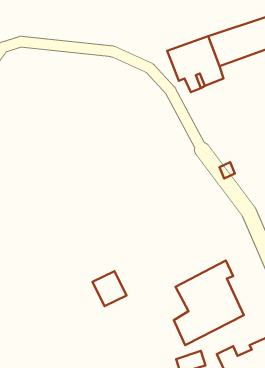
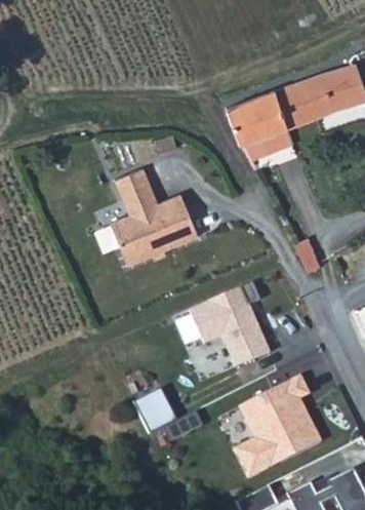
building: none -> [110,168,197,265]
building: none -> [189,285,270,365]

